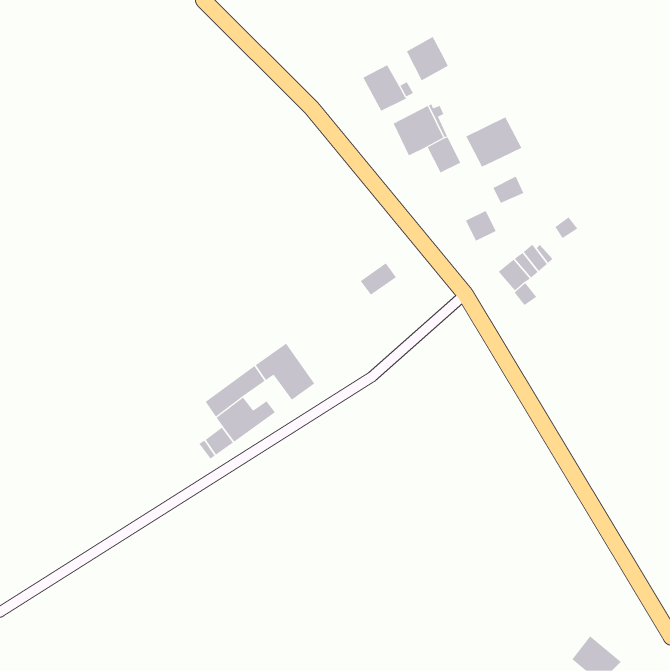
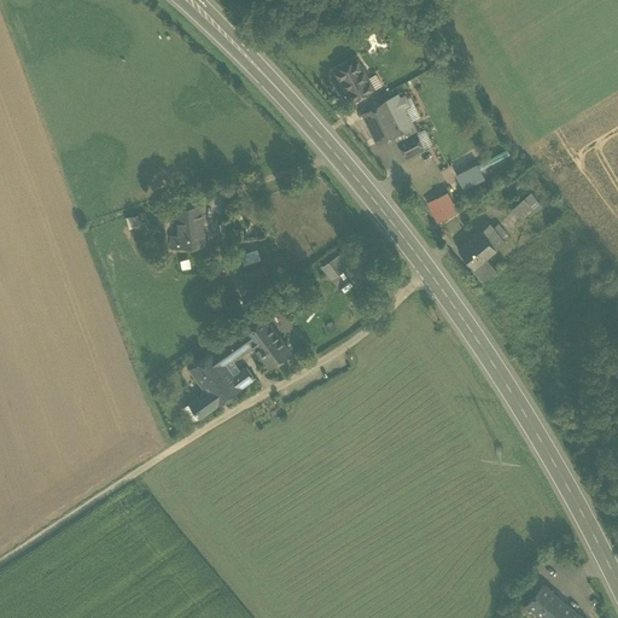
building: [406,36,448,81] -> none
building: [466,117,522,167] -> none
building: none -> [175,204,205,247]

